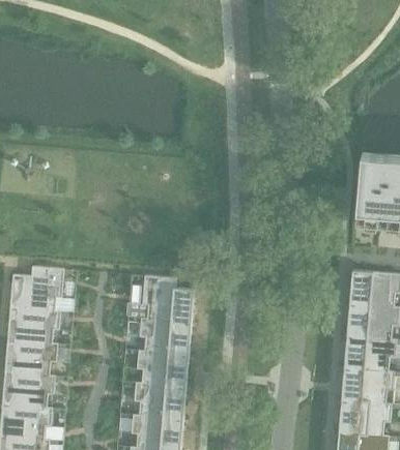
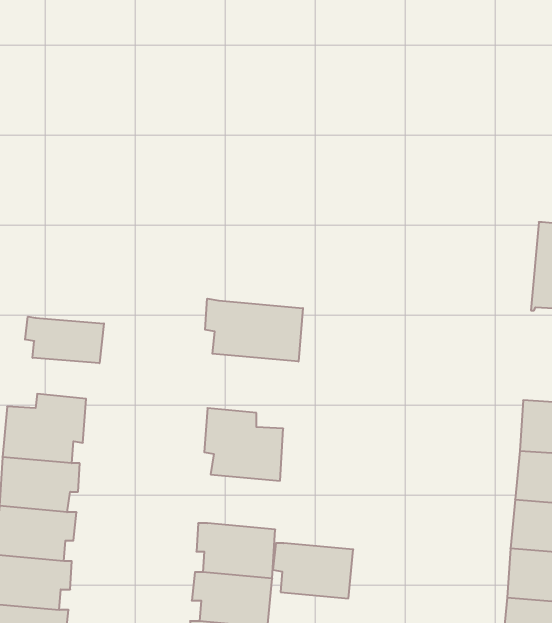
building: none -> [205,299,303,362]
building: none -> [25,317,104,363]
building: [138,320,191,356] -> [273,543,353,598]

